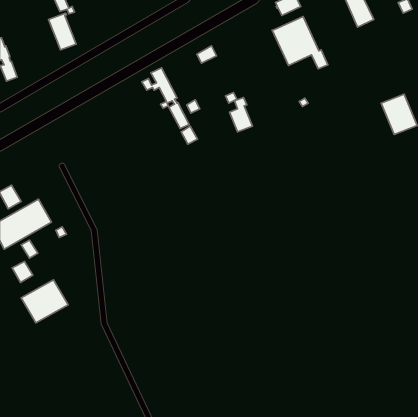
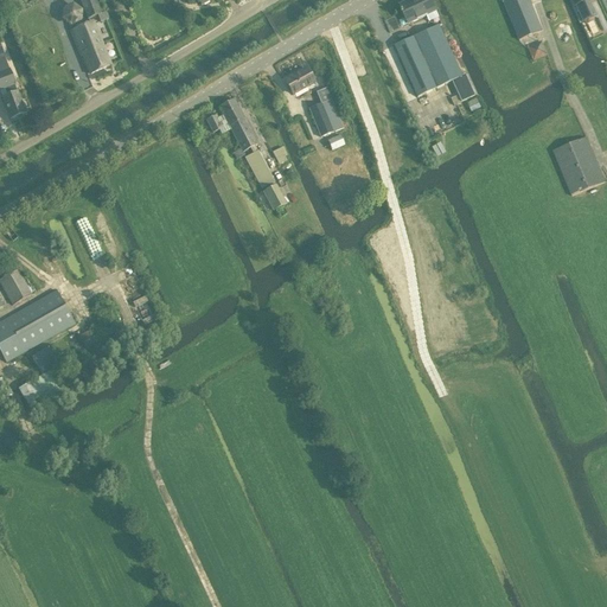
building: [229,98,252,132] -> [308,85,341,135]
building: [21,280,68,323] -> none

